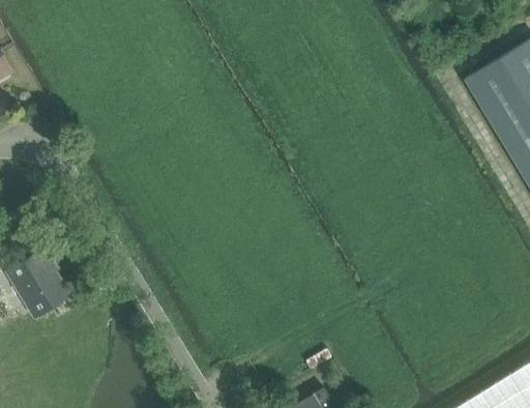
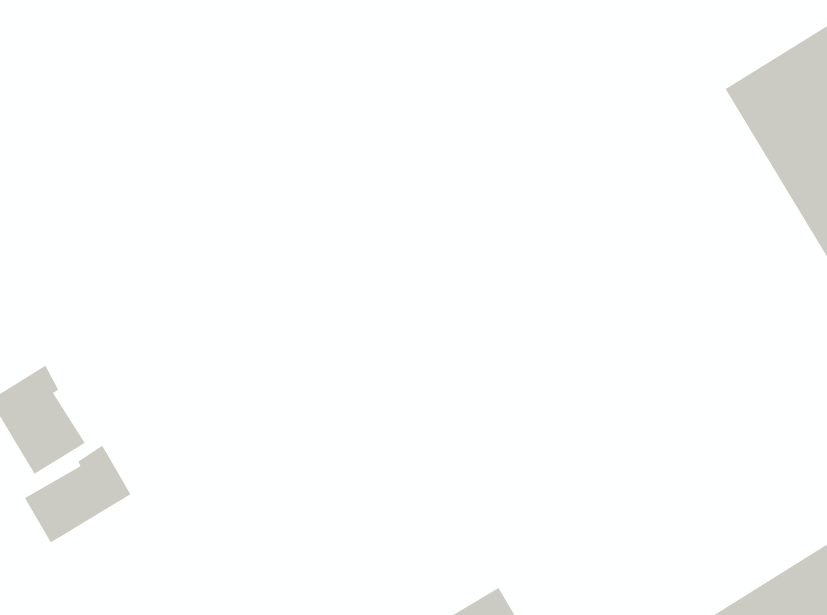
building: none -> [24,445,132,543]

